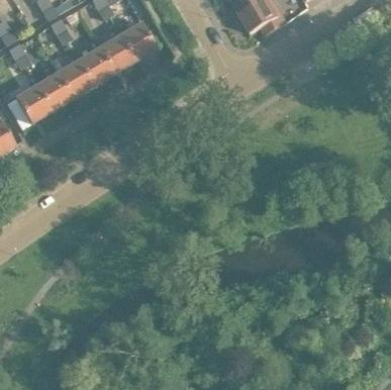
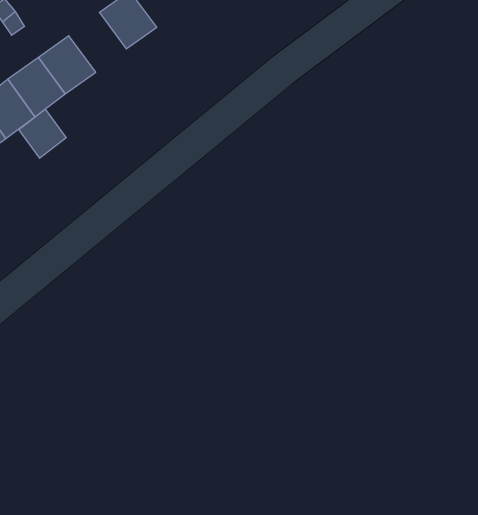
building: [97,35,133,74] -> none
building: none -> [19,109,66,158]

